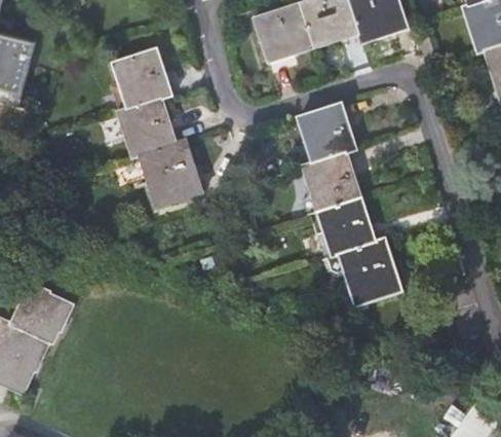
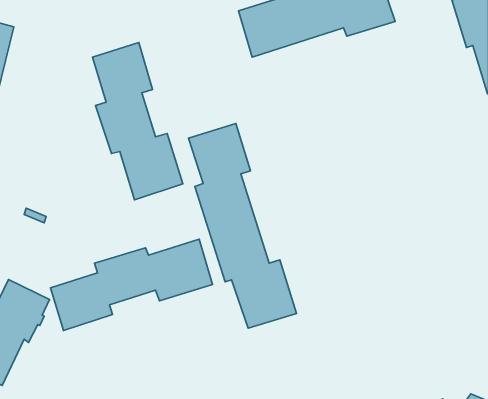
building: [296,105,401,305] -> [188,124,297,328]
building: none -> [50,239,212,331]

